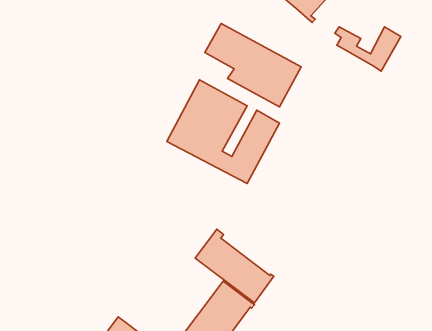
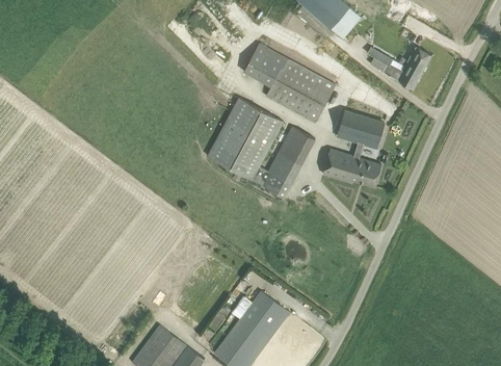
building: none -> [337,111,385,148]
building: none -> [322,149,380,186]
building: [195,229,274,303] -> none

